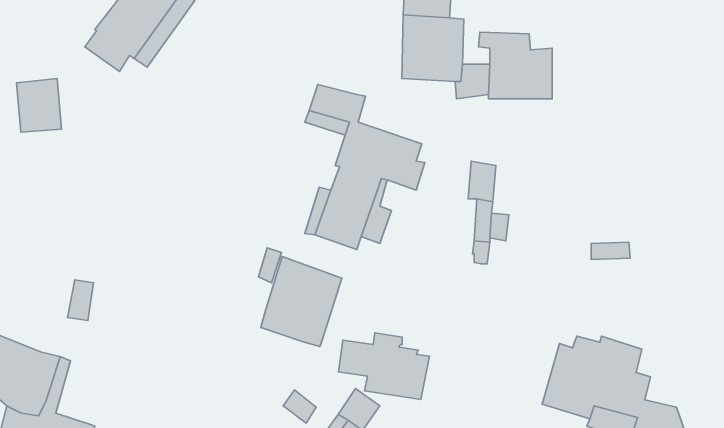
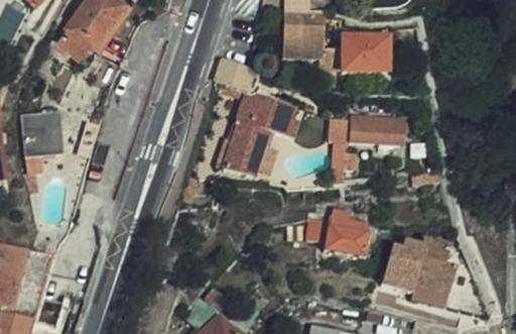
building: [17,79,61,132] -> [34,115,66,152]
building: none -> [351,117,402,147]
building: [261,257,342,347] -> none
building: [339,333,430,399] -> [305,211,369,257]

